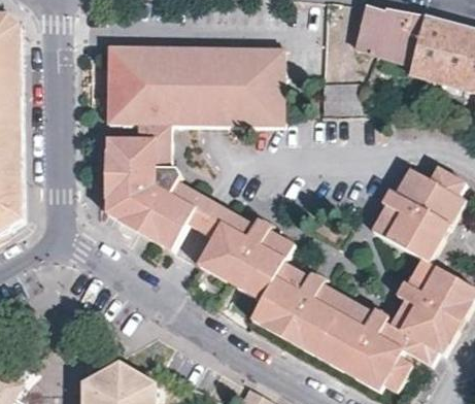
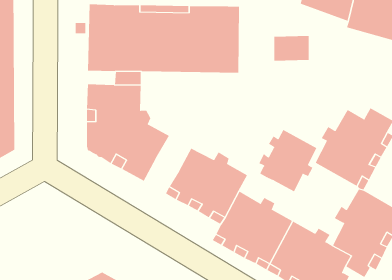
building: none -> [259,129,317,192]
building: [186,199,227,240] -> none

